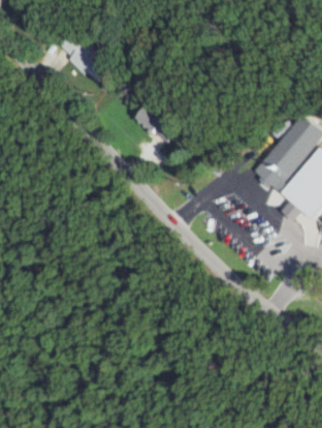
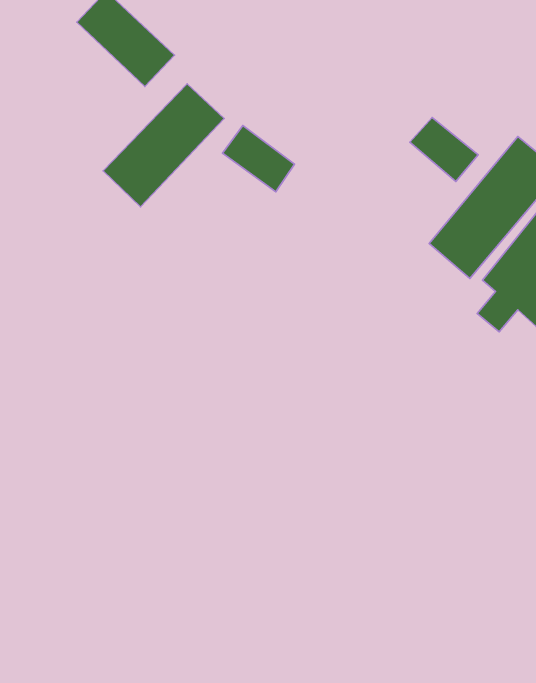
building: none -> [103,84,224,207]
building: none -> [410,117,478,181]

